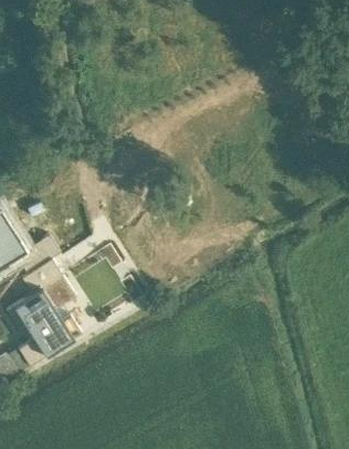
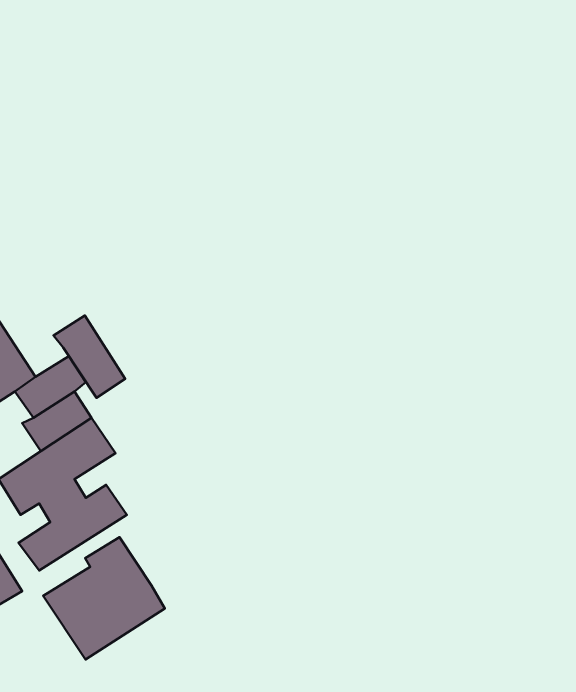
building: none -> [54,316,125,398]
building: none -> [43,537,165,660]

